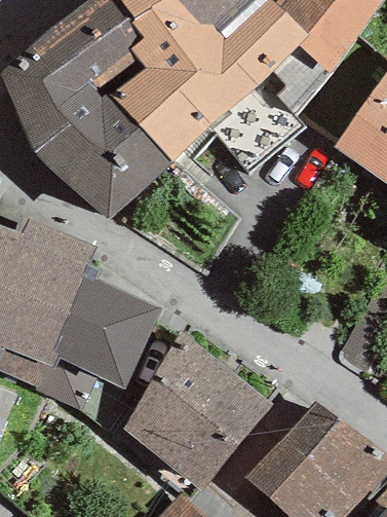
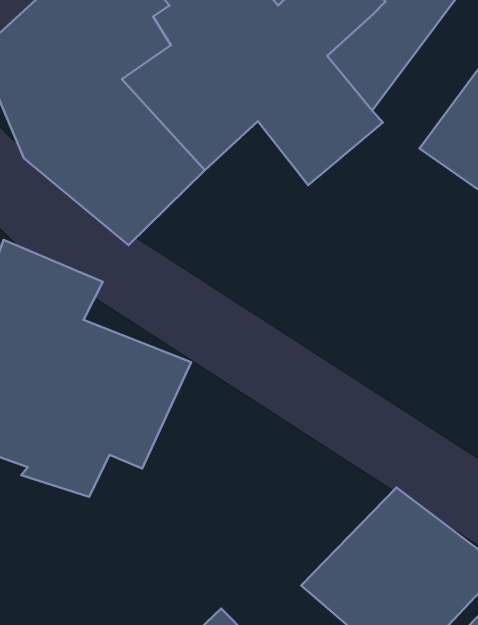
building: [122,334,271,489] -> none

